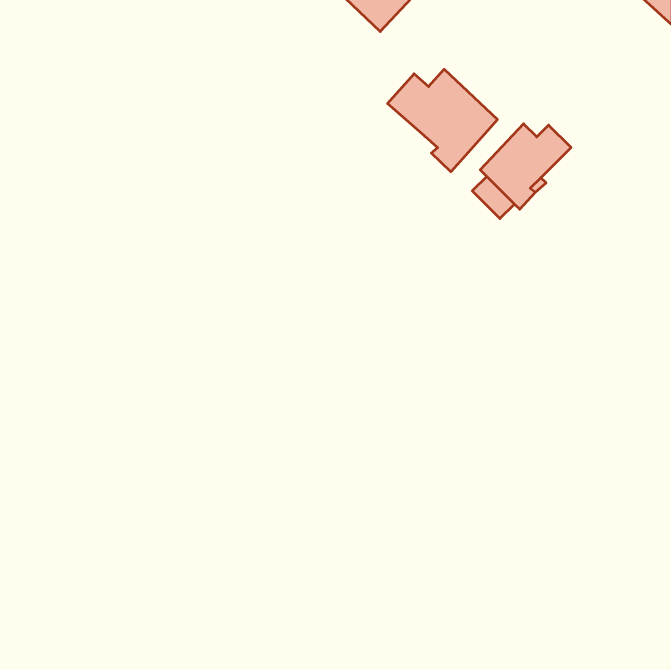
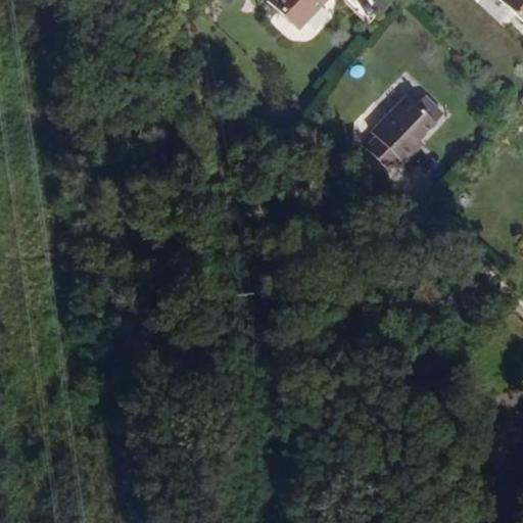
building: [388,69,497,172] -> none

